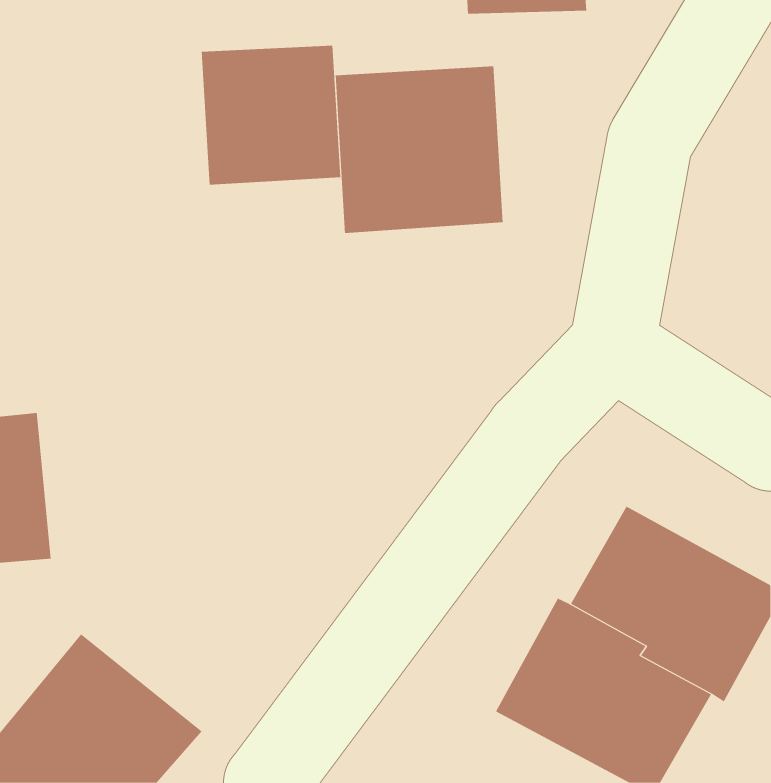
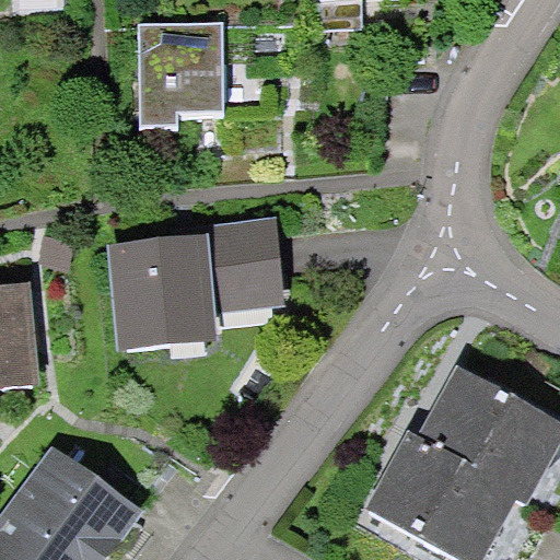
building: [335,65,503,234] -> none
building: none -> [117,219,288,349]

